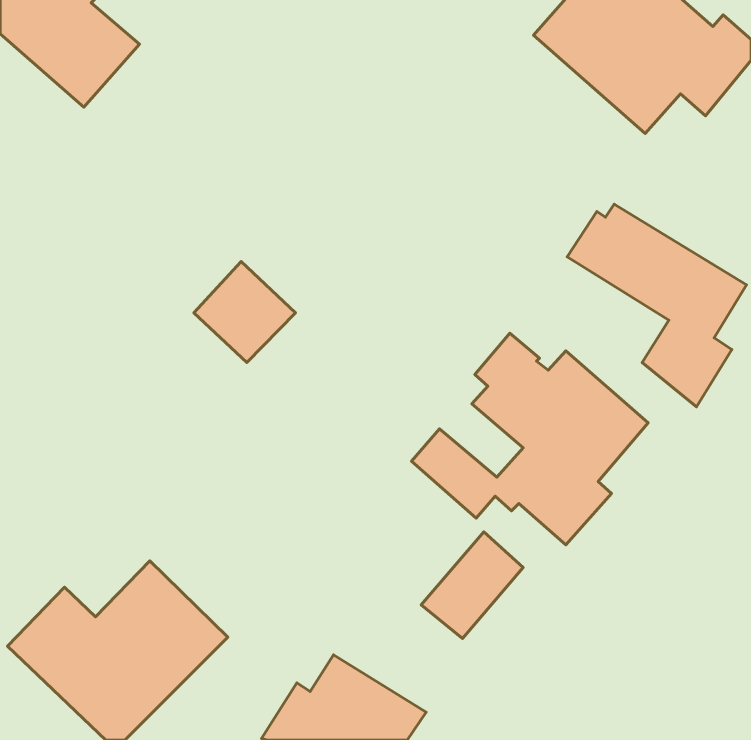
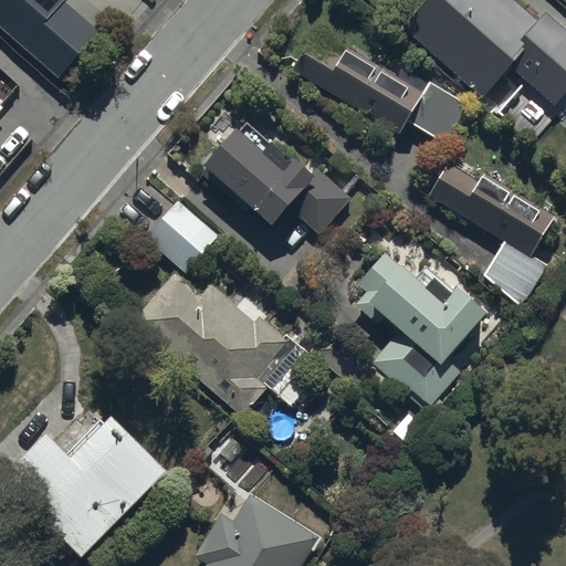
building: none -> [293,35,468,146]
building: none -> [205,127,353,233]
building: none -> [133,271,290,413]
building: [421,532,523,639] -> none

